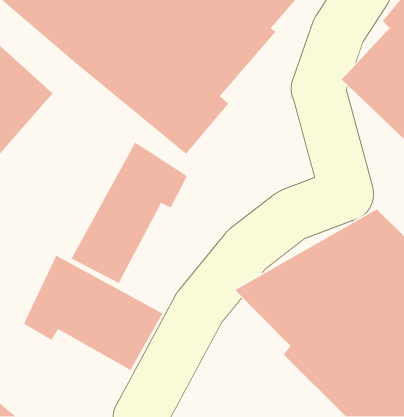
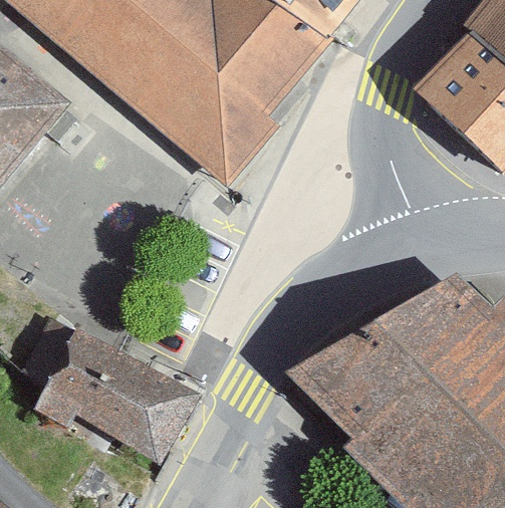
building: [70,141,188,284] -> none

